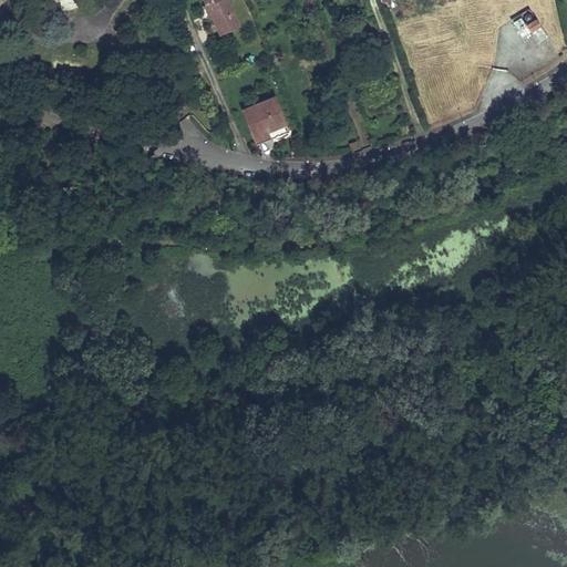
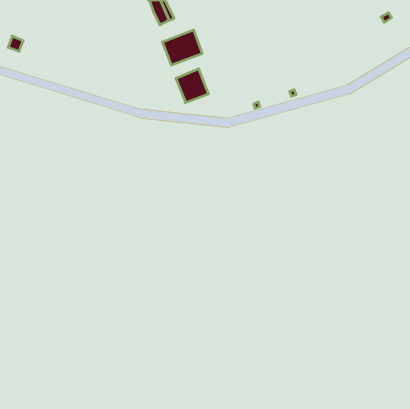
building: none -> [162,30,202,65]

